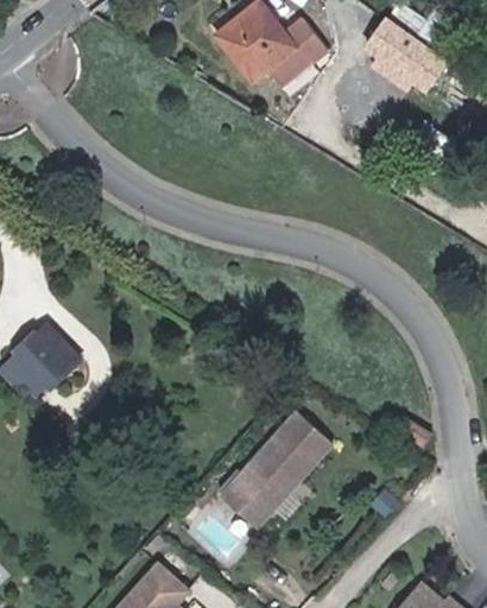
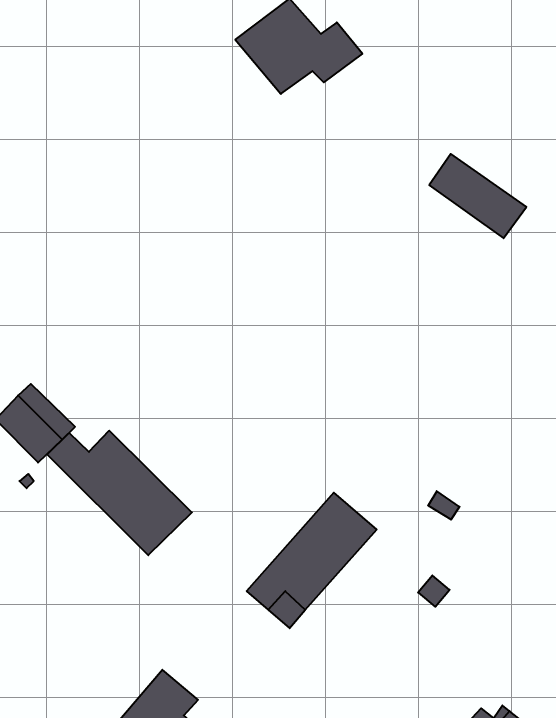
building: [373,21,454,91] -> [429,154,526,238]
building: none -> [47,431,192,555]

